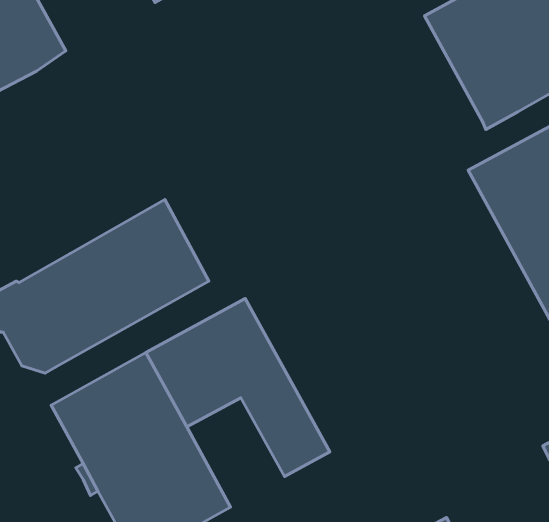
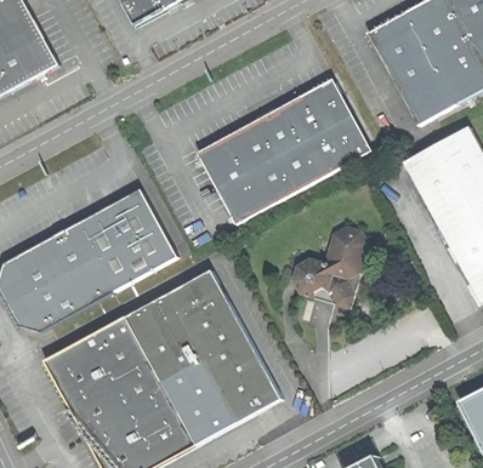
building: none -> [197,76,371,223]
building: none -> [294,221,369,303]
building: none -> [159,354,240,445]

